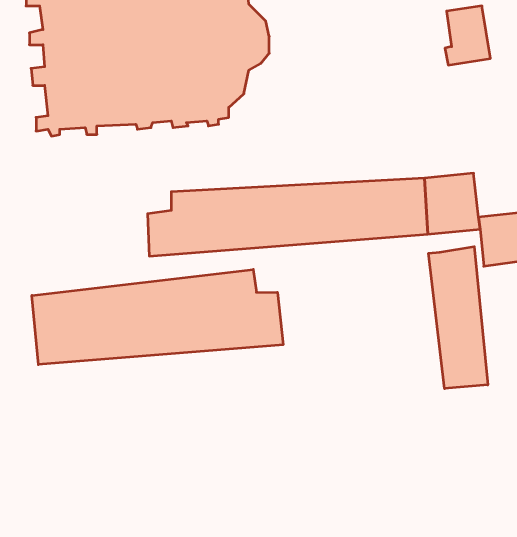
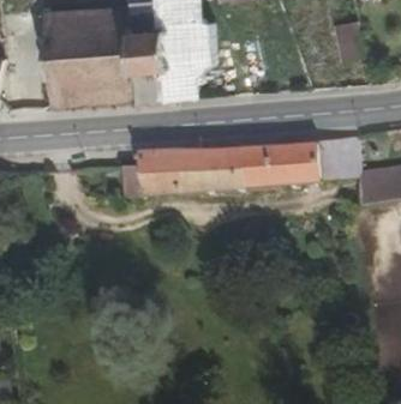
building: [429,247,488,389] -> none
building: [32,269,283,365] -> none

